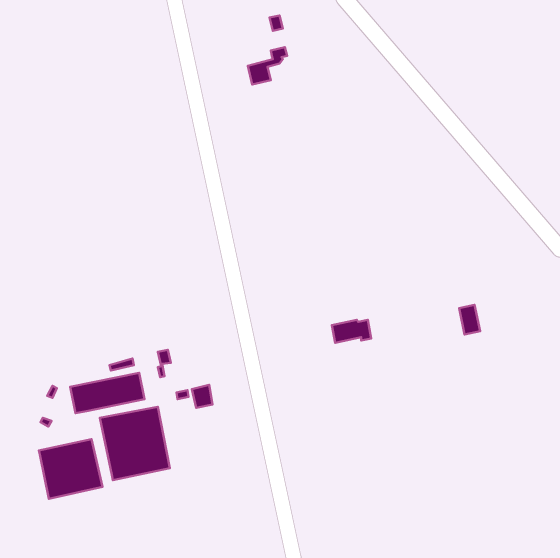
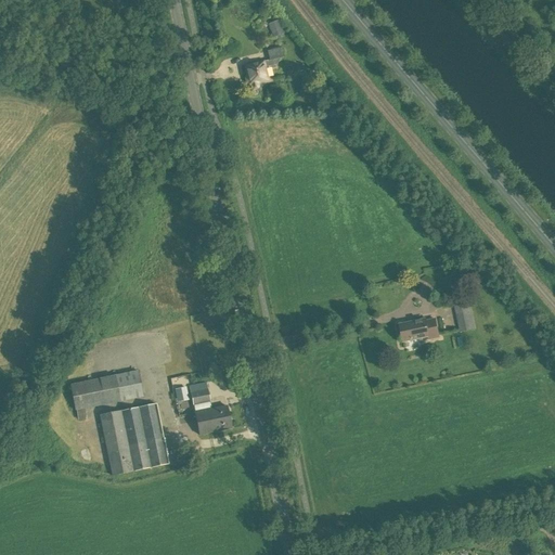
building: [332,320,371,343] -> [400,318,439,340]
building: none -> [195,403,232,434]
building: [39,439,102,499] -> none

